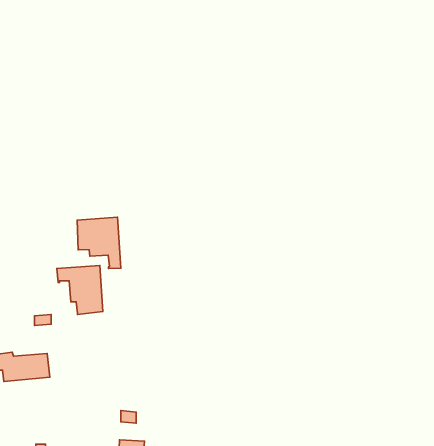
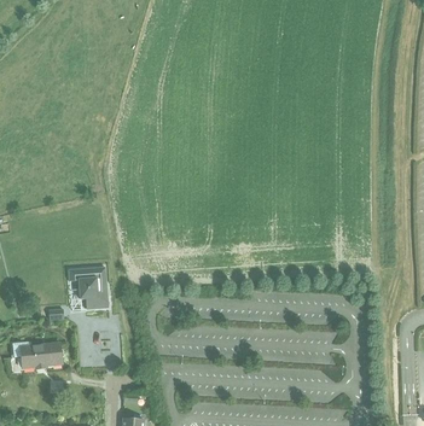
building: [77,217,121,268] -> none

